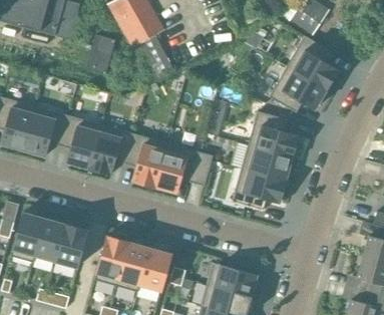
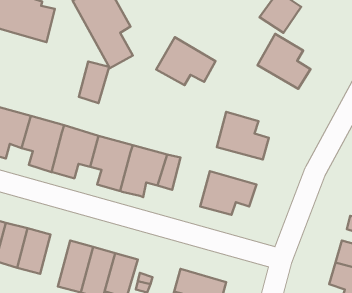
building: [86,35,115,75] -> [79,62,109,103]
building: [269,66,326,112] -> [156,37,216,85]
building: [241,145,292,182] -> none

